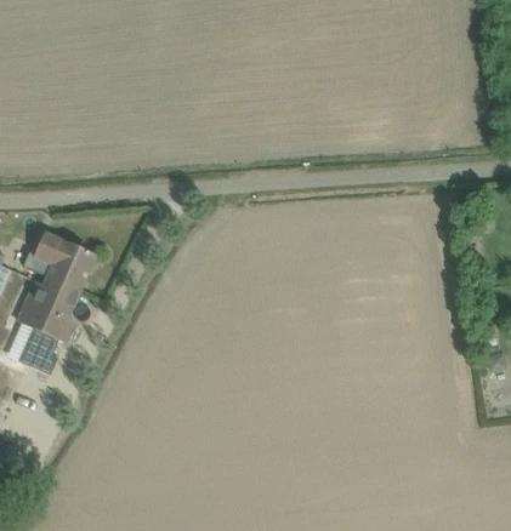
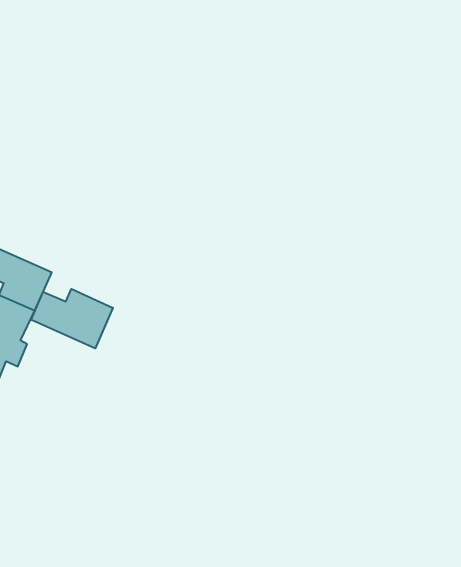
building: none -> [31,289,113,348]

